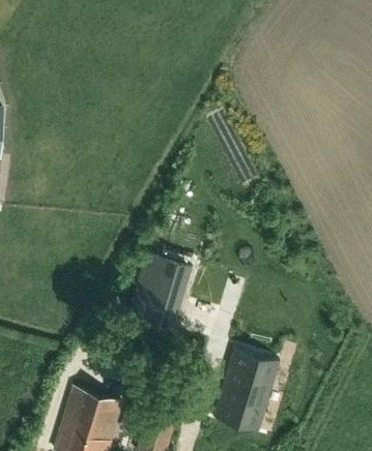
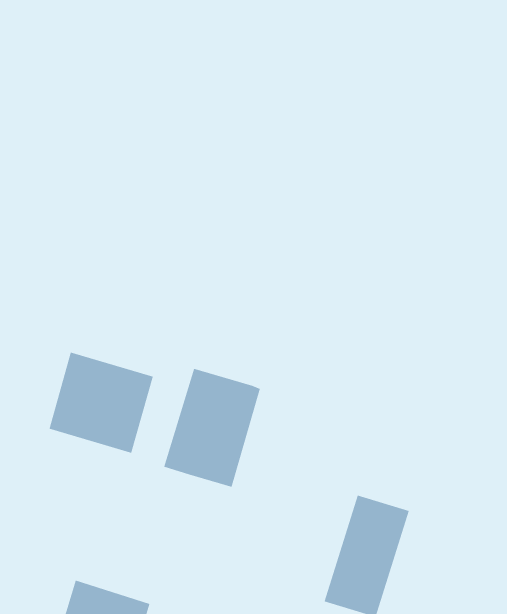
building: none -> [48,351,154,454]

